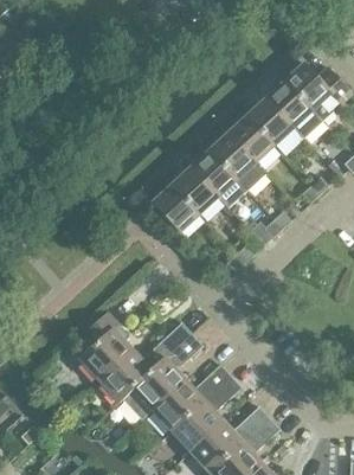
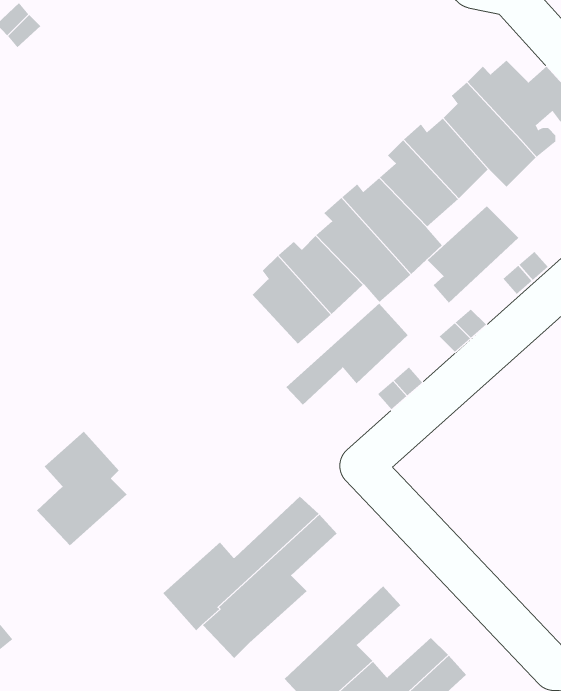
building: none -> [427,205,519,303]
building: none -> [286,303,408,405]
building: [79,313,134,381] -> [36,431,128,546]
building: [152,365,231,432] -> none

